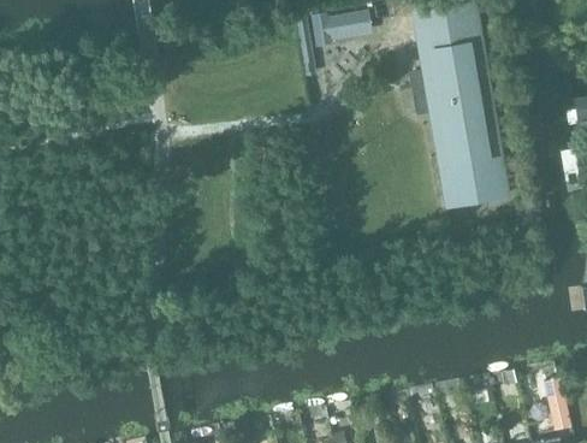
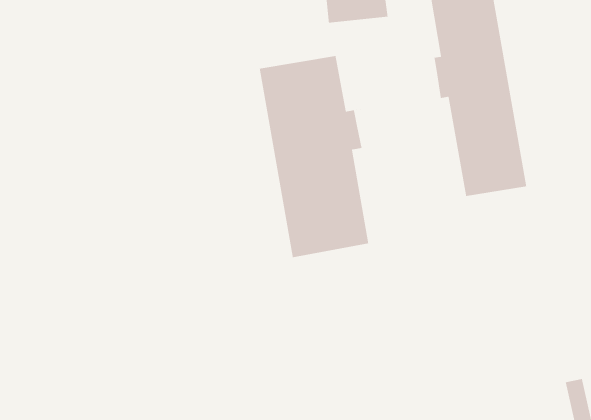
building: none -> [259,55,369,258]

